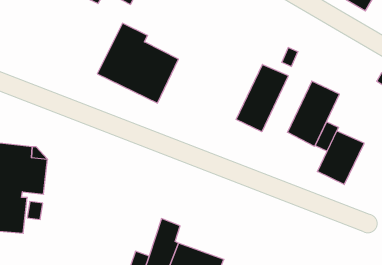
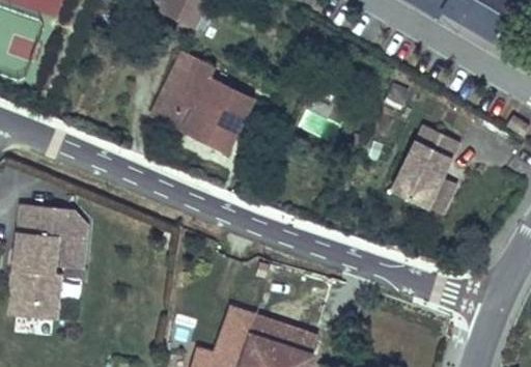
building: [236,64,288,132] -> none
building: [317,131,364,185] -> none
building: none -> [249,310,317,352]

